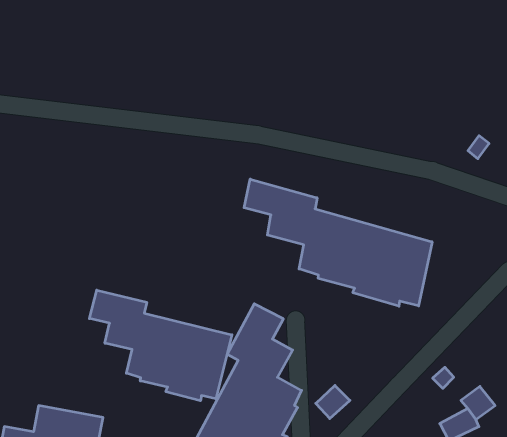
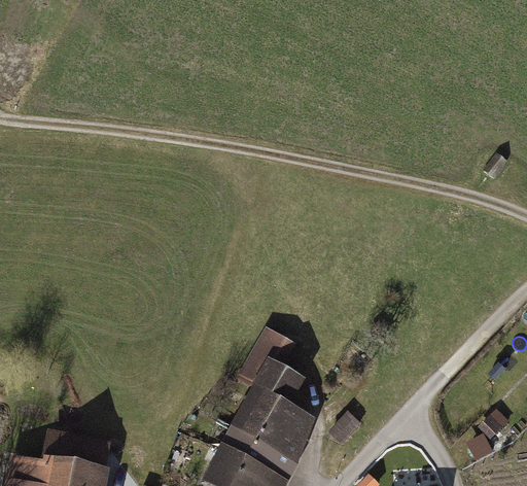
building: [244,179,432,306] -> none
building: [89,290,232,401] -> none

